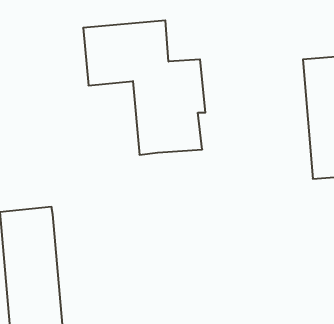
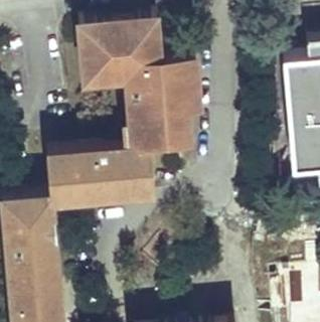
building: none -> [46,144,153,201]

